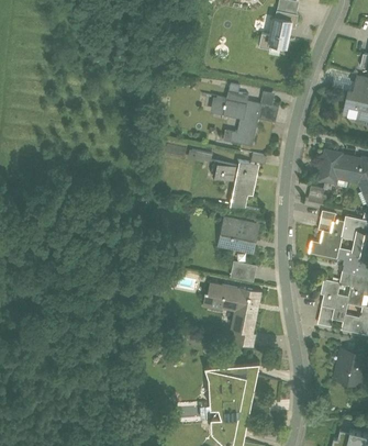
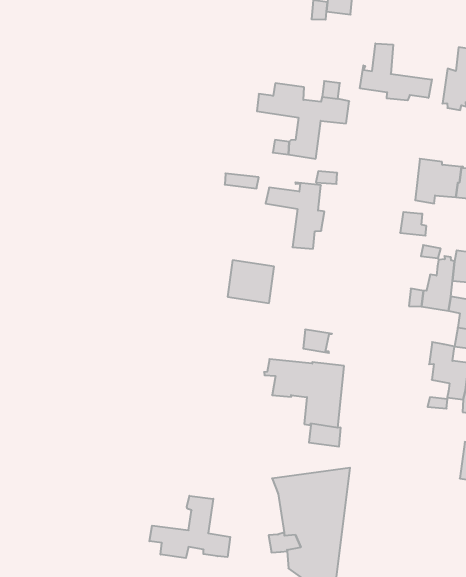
building: none -> [360,43,432,100]
building: [222,220,256,252] -> [228,260,274,303]
building: none -> [149,496,230,558]

